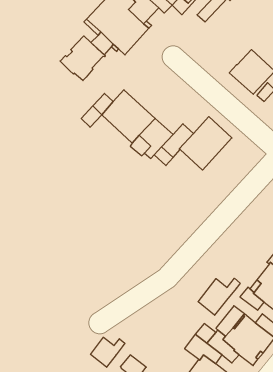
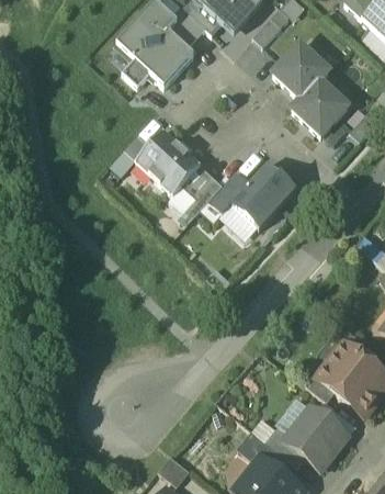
building: none -> [274,45,330,100]
building: [60,36,105,81] -> none
building: [198,278,240,315] -> none
building: [91,337,125,367] -> none

